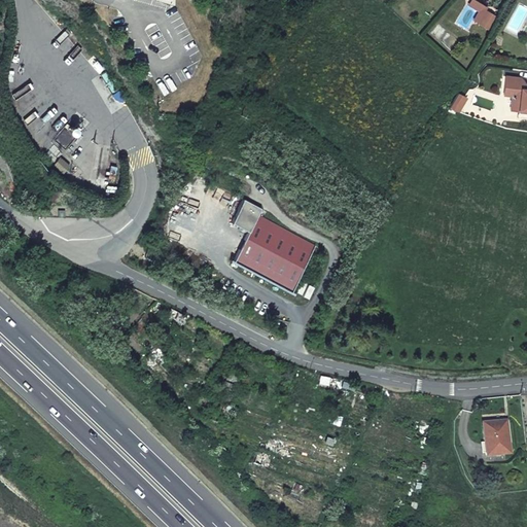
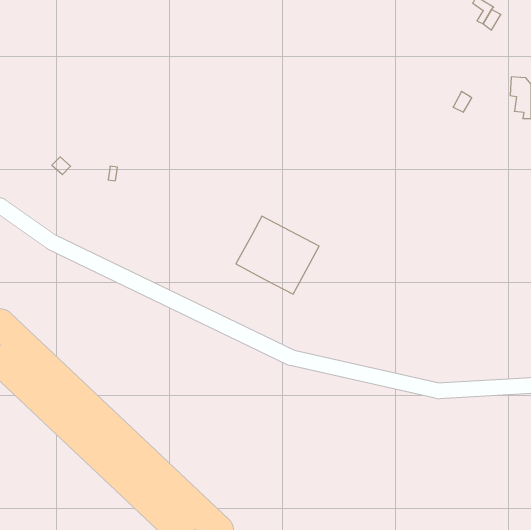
building: [231,199,261,232] -> none
building: [482,419,513,457] -> none

